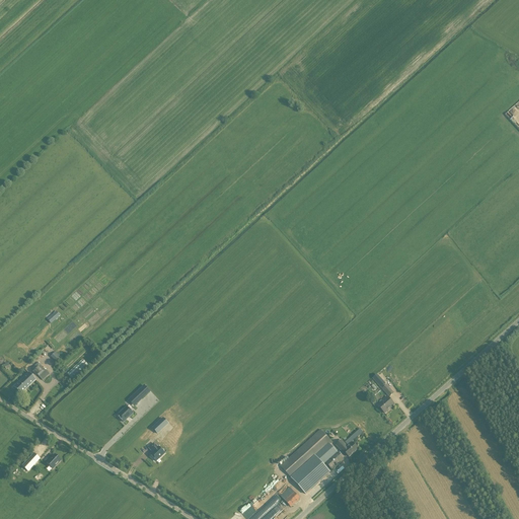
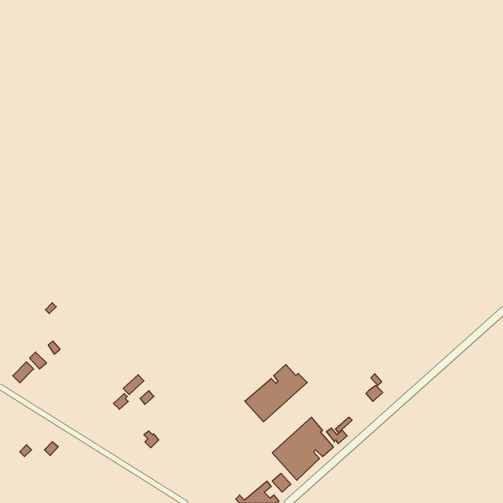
building: none -> [245,365,307,422]

